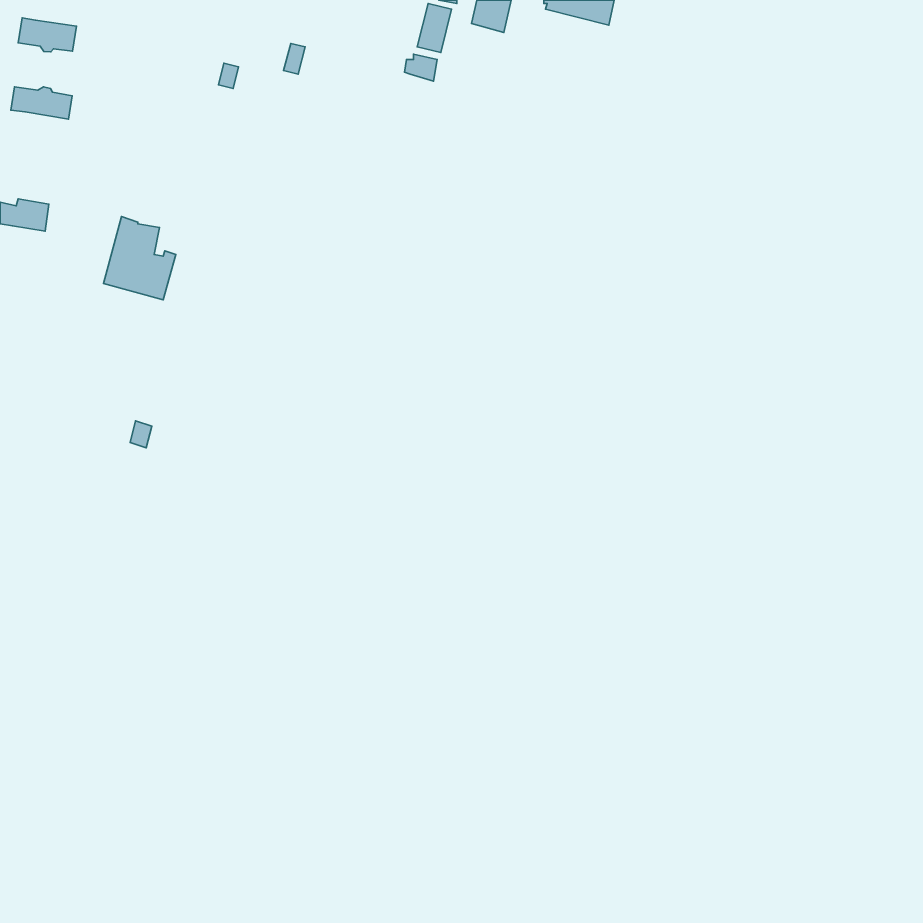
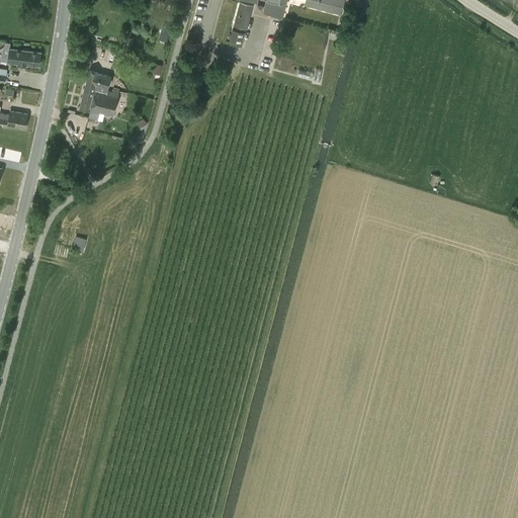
building: [18,18,76,52] -> none
building: [103,217,176,300] -> [79,70,119,116]

